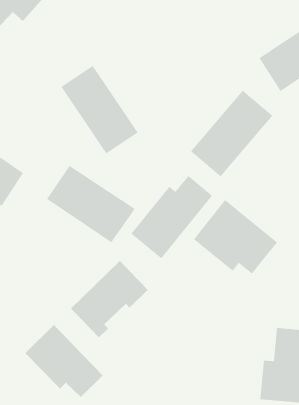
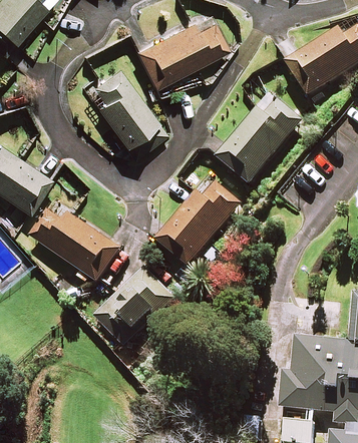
building: none -> [131,20,225,86]
building: [46,165,135,243] -> [28,202,118,282]
building: [193,199,278,274] -> none
building: [25,324,103,398] -> none

